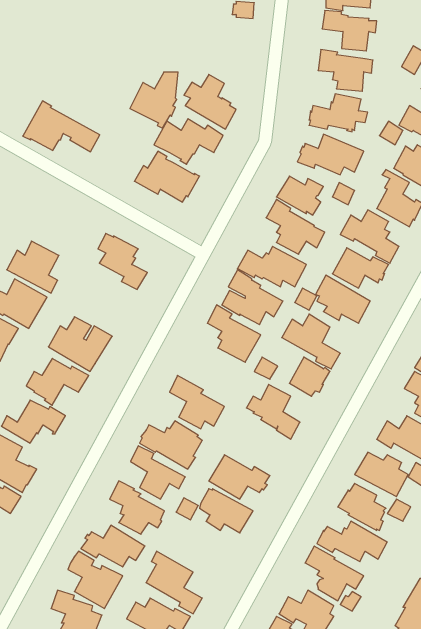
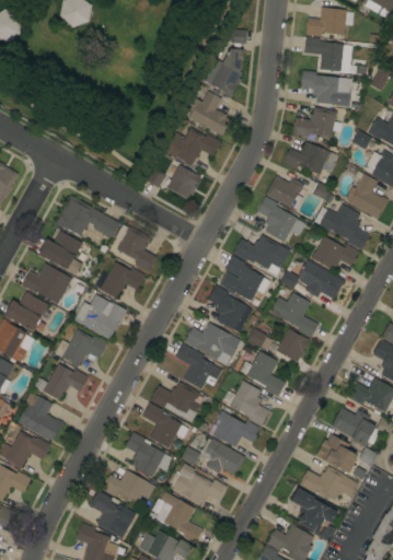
building: [130,72,178,128] -> [203,49,243,96]
building: [23,101,100,152] -> [55,195,119,237]
building: none -> [93,262,146,299]
building: none -> [184,323,240,364]
building: none -> [222,381,269,425]
building: none -> [172,464,228,505]

